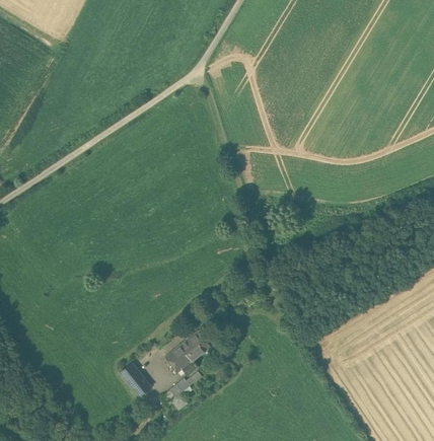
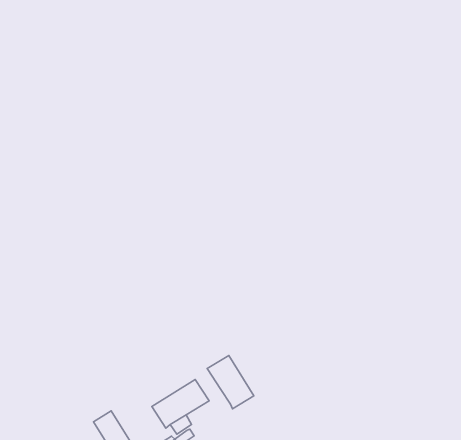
building: none -> [207,356,254,409]

